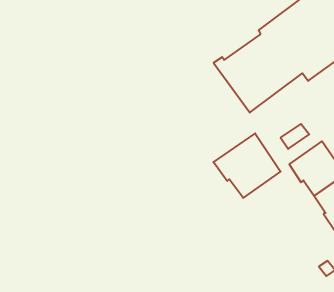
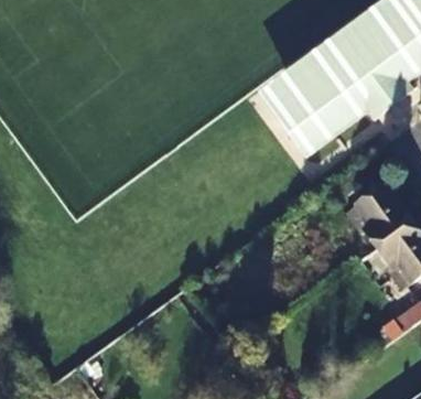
building: [213,133,281,198] -> none

